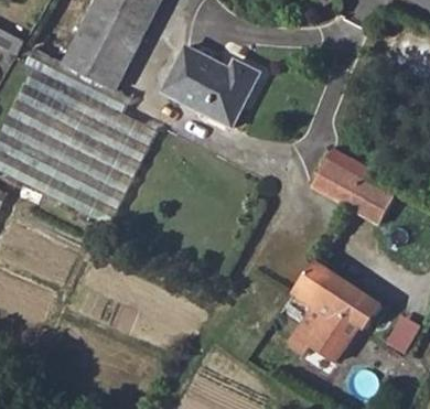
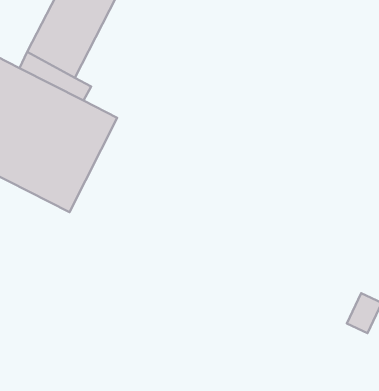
building: [162,47,258,126] -> none
building: [312,160,390,218] -> none
building: [284,256,379,360] -> none

